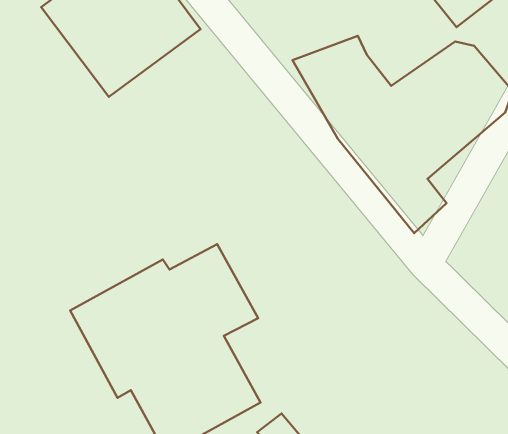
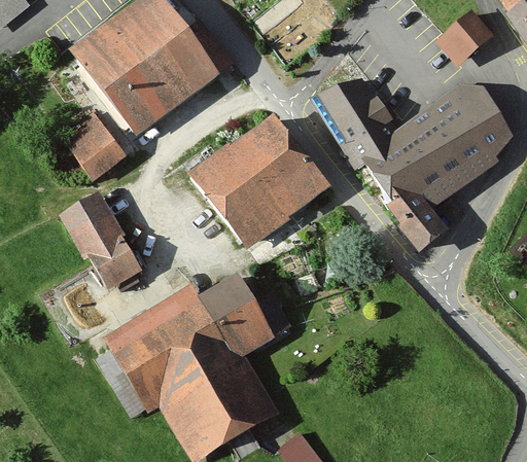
building: none -> [58,109,126,181]
building: none -> [192,112,332,248]
building: none -> [62,190,145,289]

